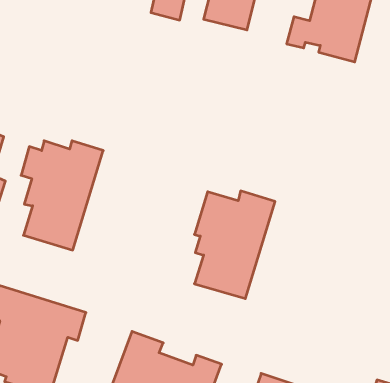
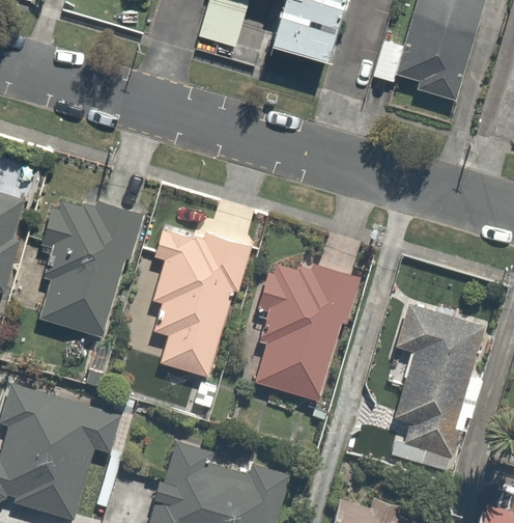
building: none -> [150,226,254,379]
building: none -> [387,301,488,467]

